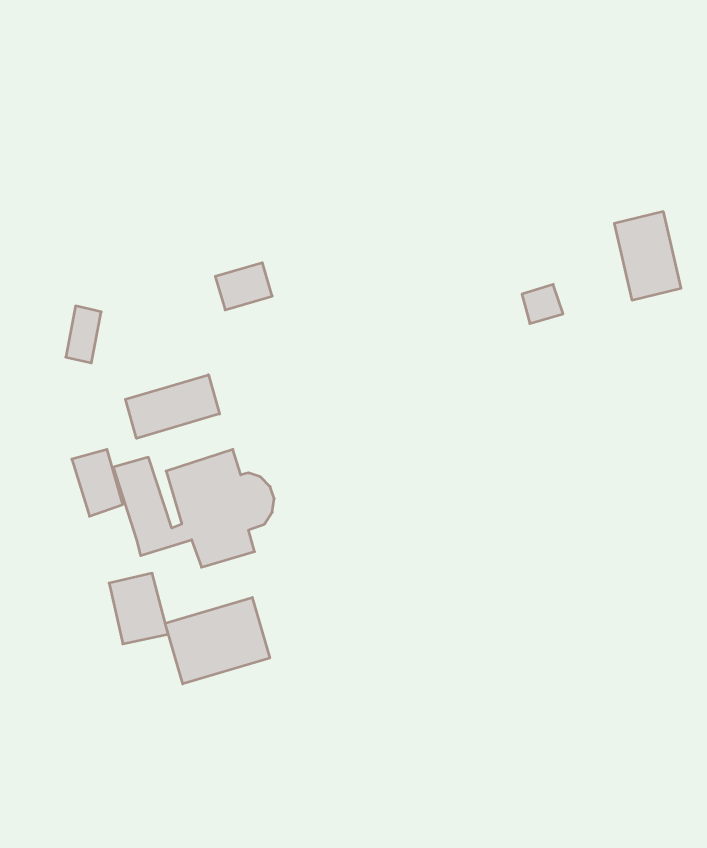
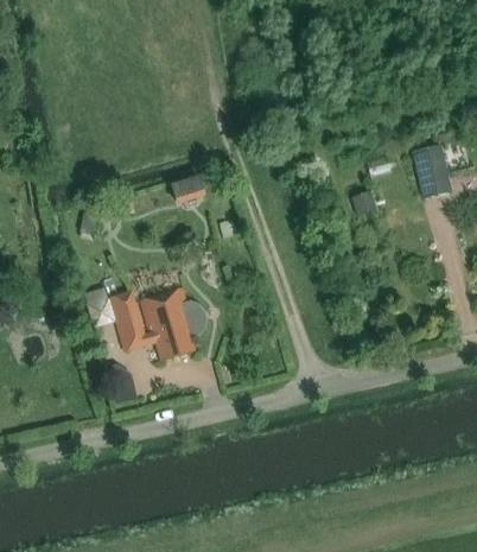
building: [125,375,220,438] -> none
building: [165,597,270,684] -> none

